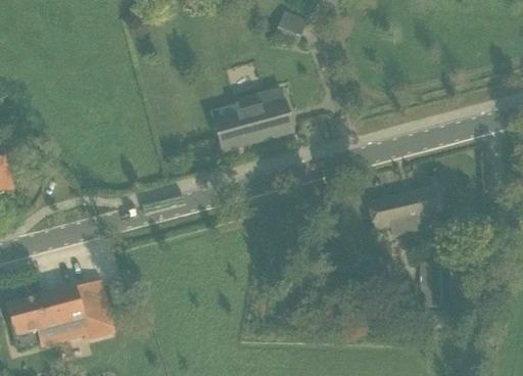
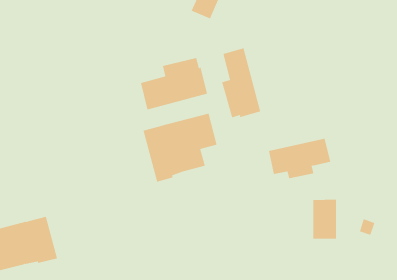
building: none -> [222,48,261,118]
building: none -> [143,113,217,182]

